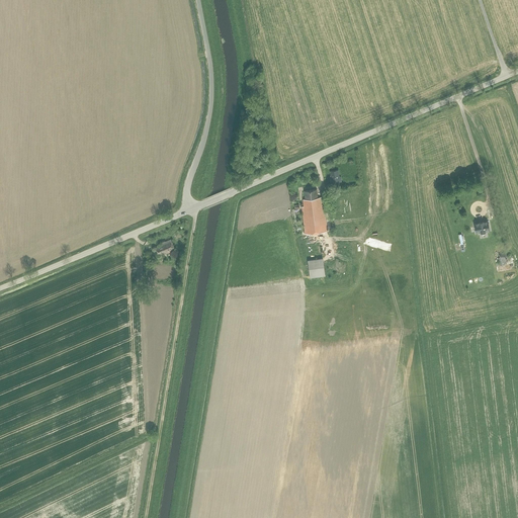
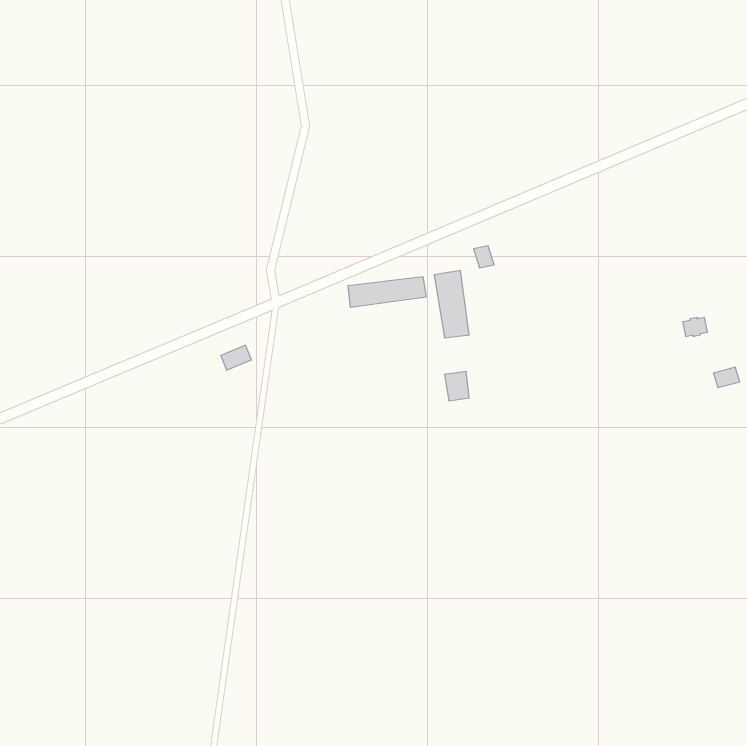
building: none -> [348,277,426,307]

